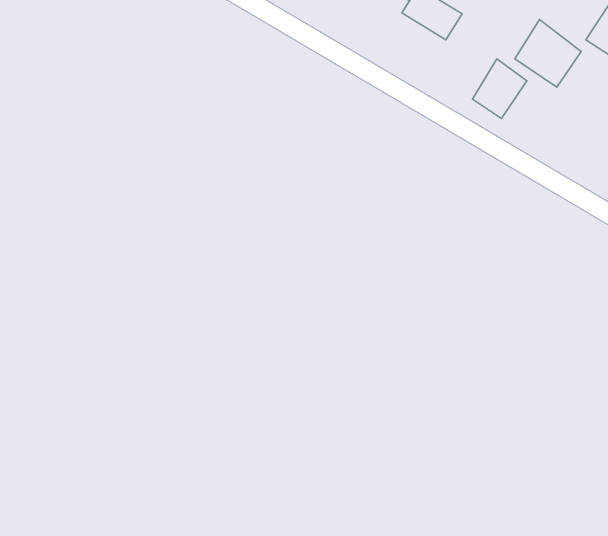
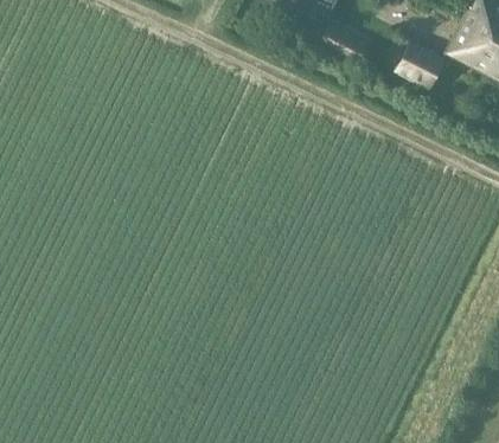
building: [473,59,527,118] -> none

